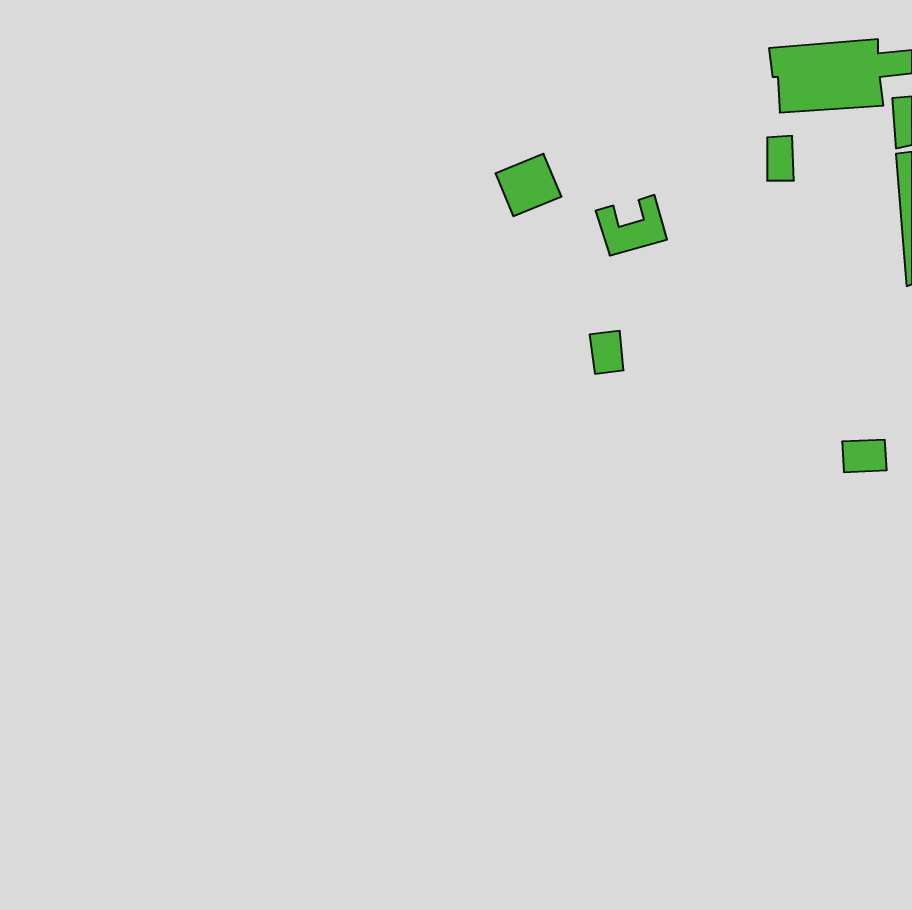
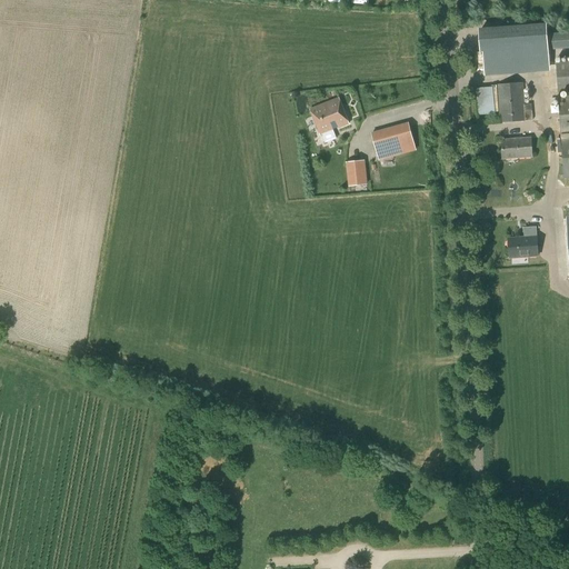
building: none -> [496,81,531,121]
building: none -> [500,137,531,157]
building: [590,331,624,374] -> [345,158,366,184]
building: [842,440,887,472] -> [508,236,536,256]

